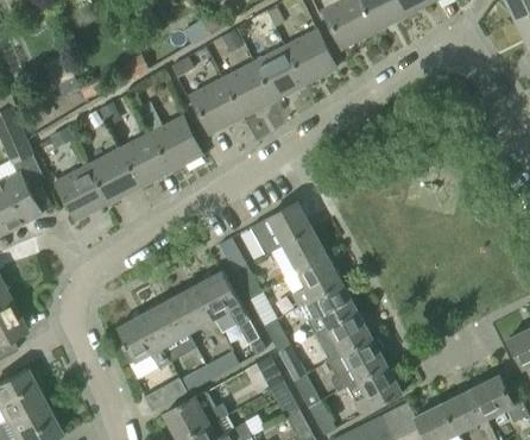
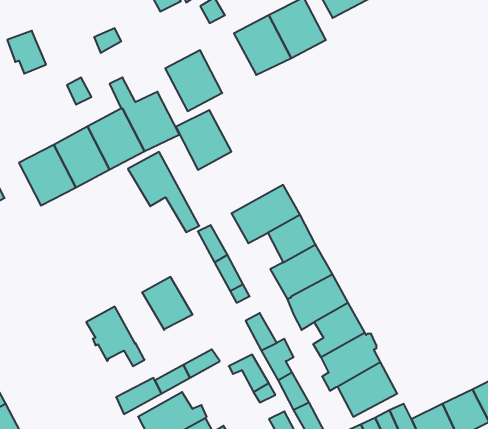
building: [221,62,272,117] -> [176,110,231,170]
building: [194,270,259,344] -> [128,152,199,232]
building: [143,300,195,351] -> none

